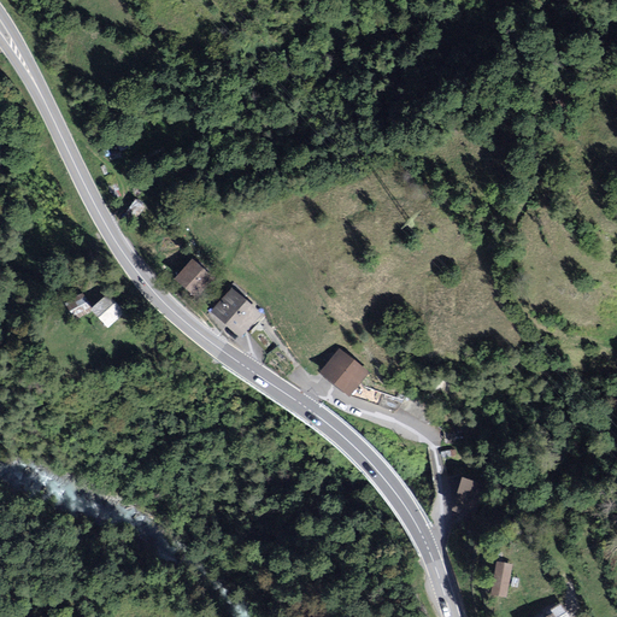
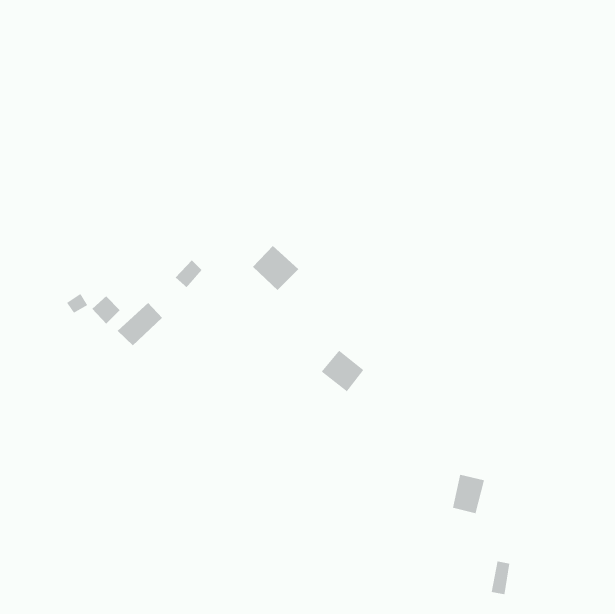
building: [211,289,258,335] -> [252,245,299,291]
building: none -> [117,302,163,346]

